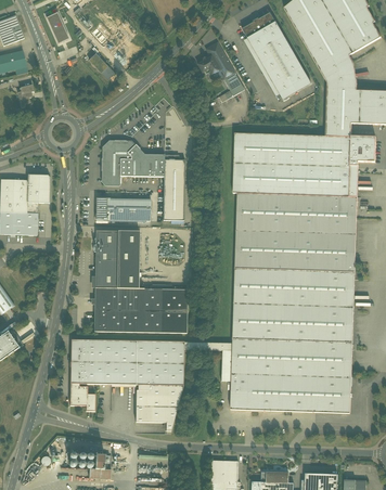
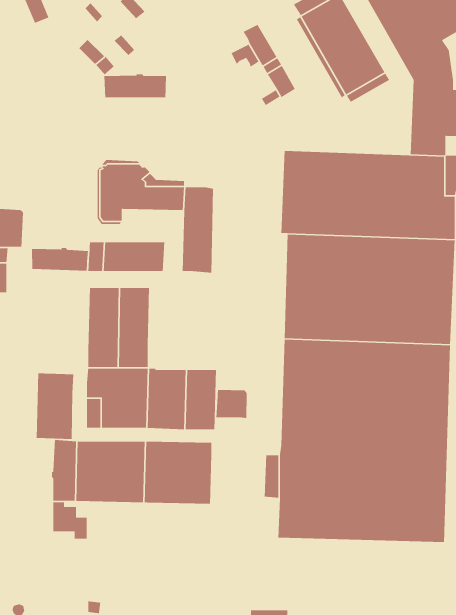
building: none -> [104,73,167,98]
building: none -> [31,247,89,272]
building: none -> [36,373,74,440]
building: none -> [216,389,248,419]
building: [136,384,183,430] -> none

